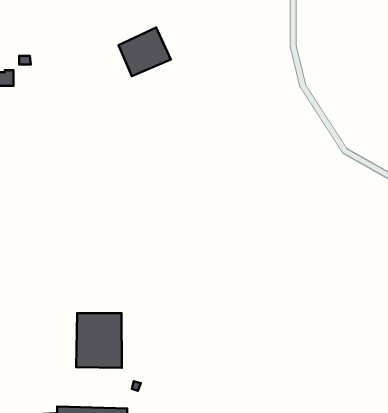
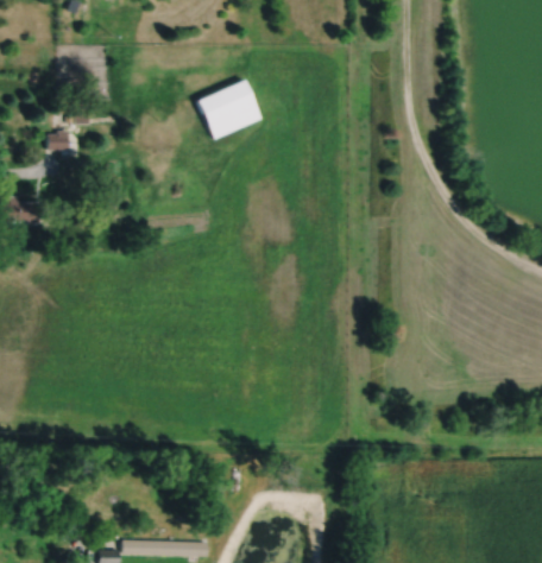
building: [76,313,122,368] -> none

